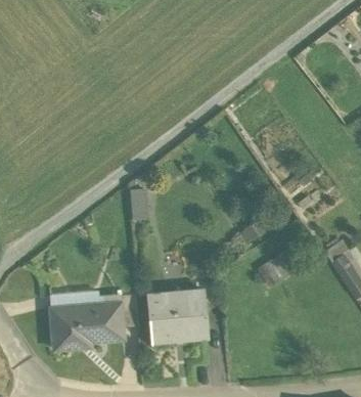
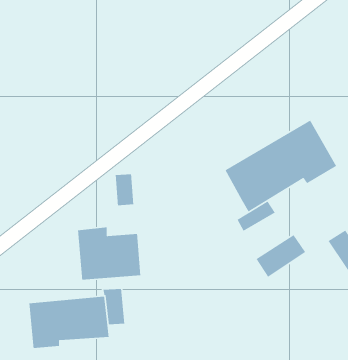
building: none -> [225,120,337,212]
building: [148,292,207,341] -> [77,226,141,280]

